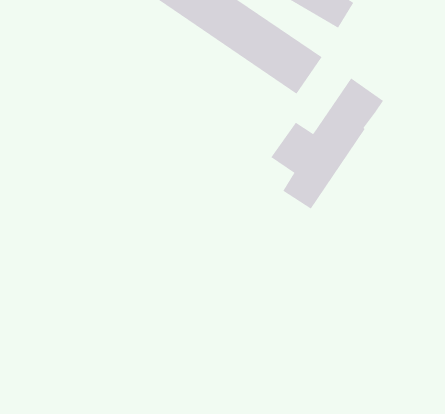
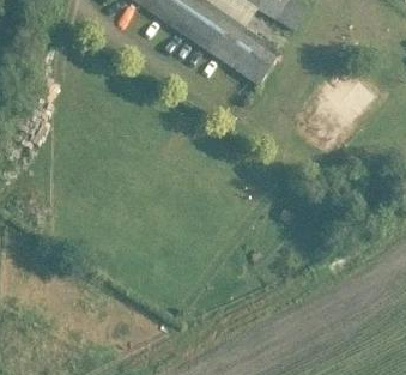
building: [270,77,384,210] -> none

